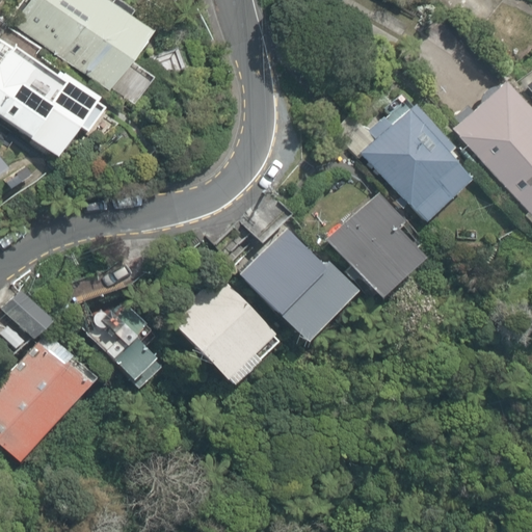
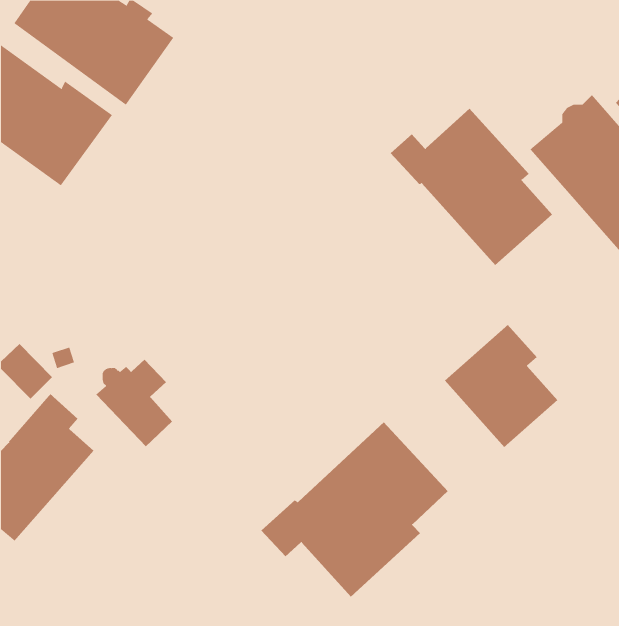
building: [327,192,424,297] -> [444,324,558,448]
building: [240,230,358,343] -> none
building: [172,276,274,383] -> none
building: none -> [261,422,448,597]

